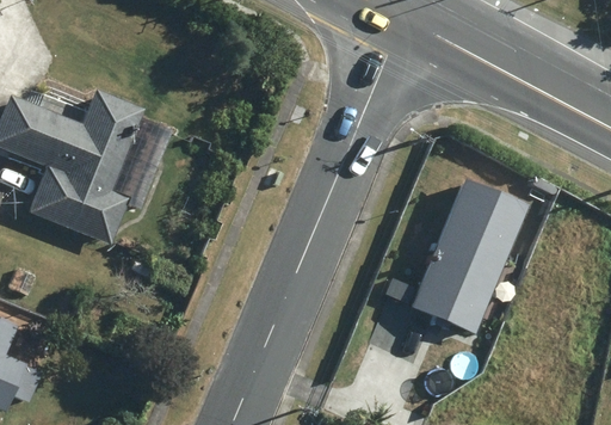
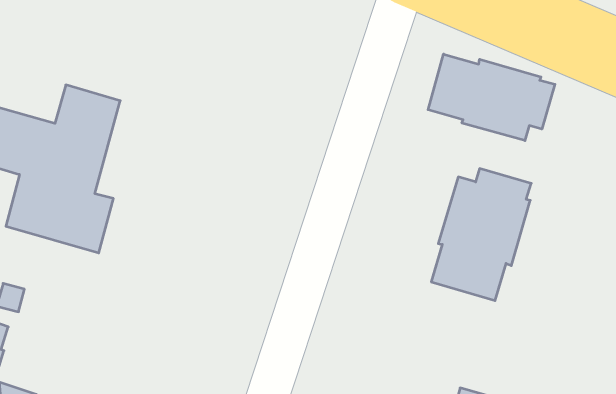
building: none -> [428,54,555,141]

